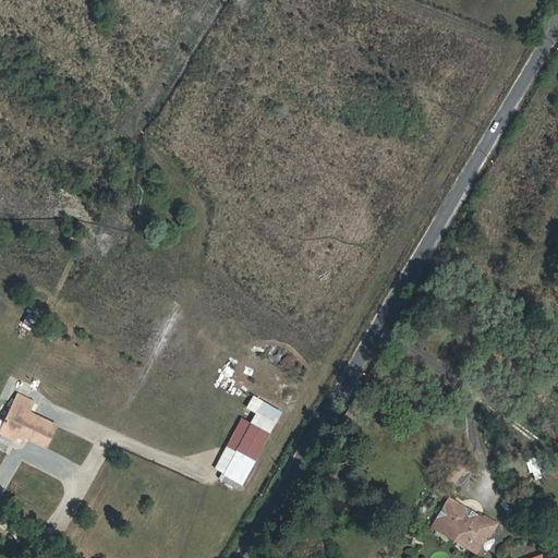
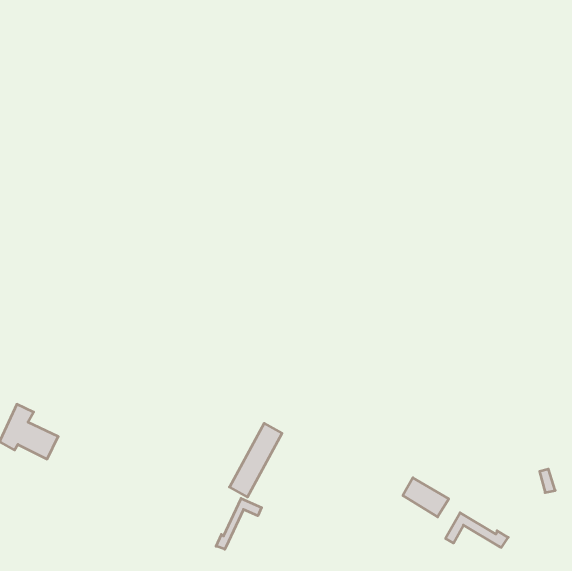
building: none -> [216,498,262,549]
building: [441,511,486,549] -> [403,478,449,517]

